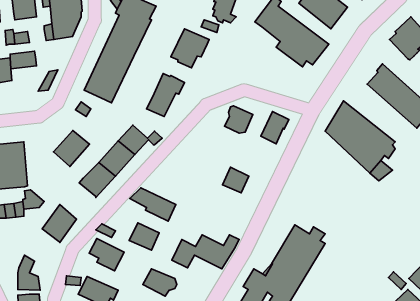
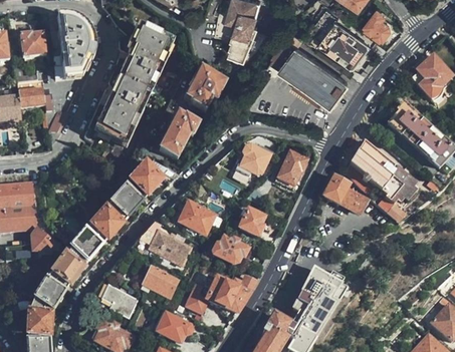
building: [53,130,89,167] -> [70,224,107,261]
building: none -> [323,175,367,211]
building: none -> [180,200,216,232]
building: none -> [213,235,248,265]
building: none -> [34,271,69,309]

